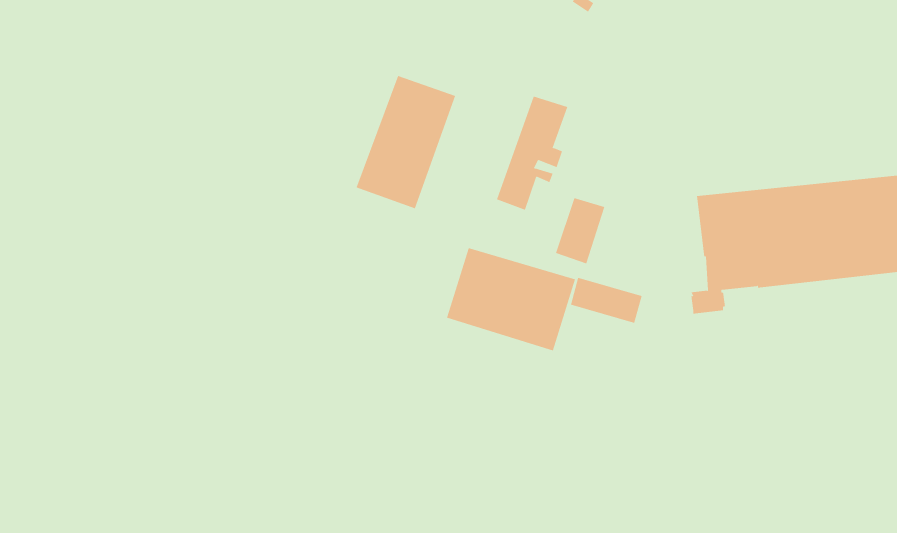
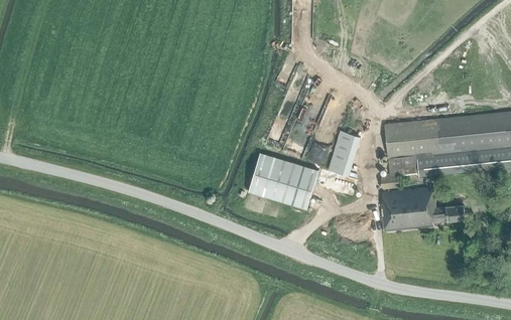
building: [356,75,456,209] -> none
building: none -> [329,126,360,174]
building: none -> [380,186,464,230]

